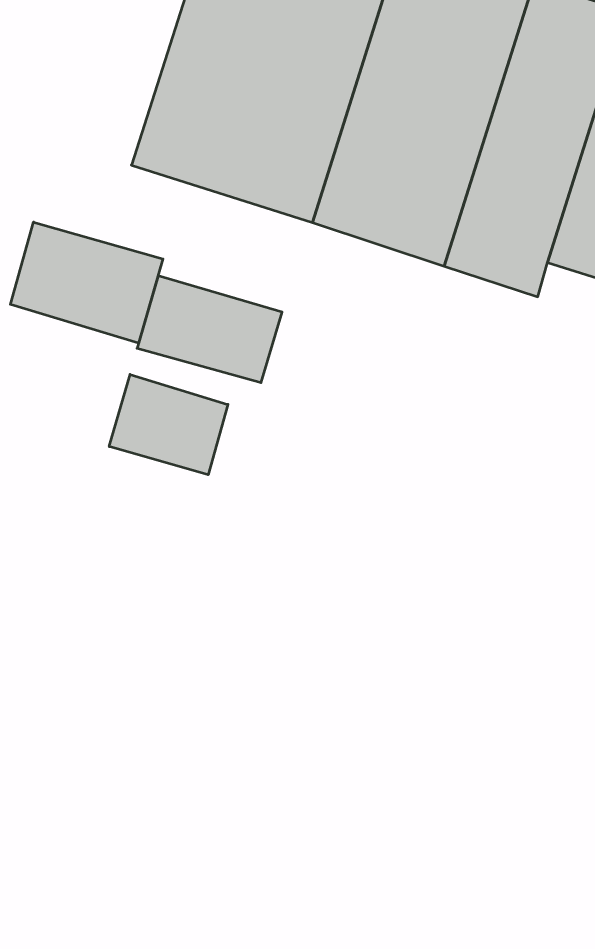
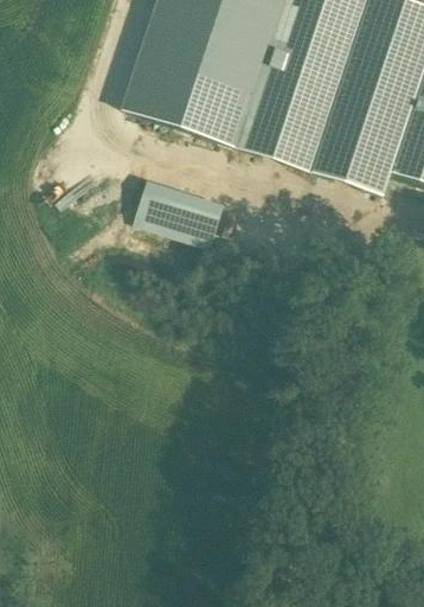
building: [10,222,163,343] -> none
building: [109,374,228,475] -> none

